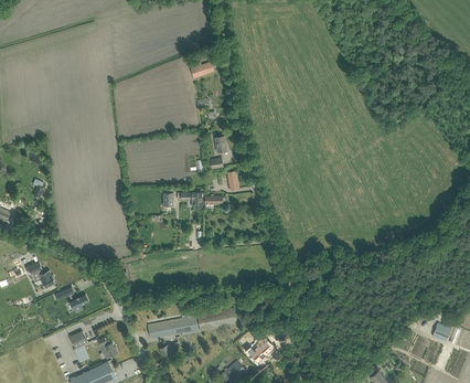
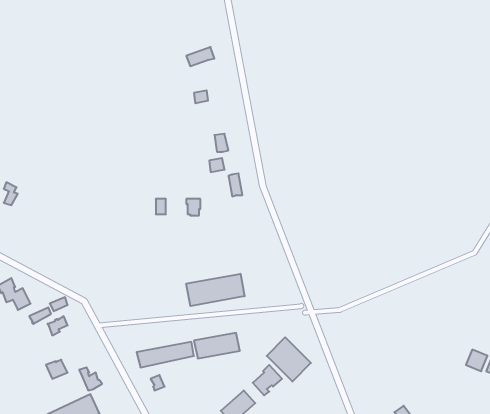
building: none -> [186,274,245,306]
building: none -> [267,337,311,382]

